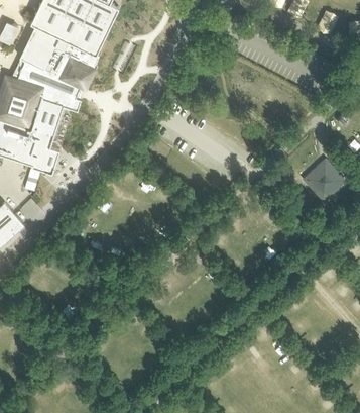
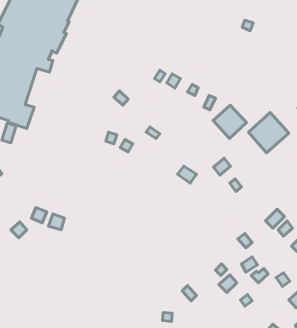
building: none -> [213,105,247,139]

